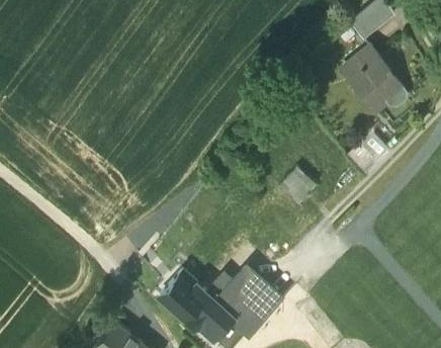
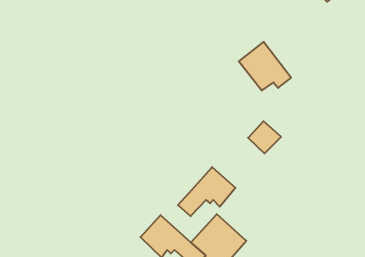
building: [343,50,401,103] -> [239,42,291,91]
building: none -> [178,167,235,216]

